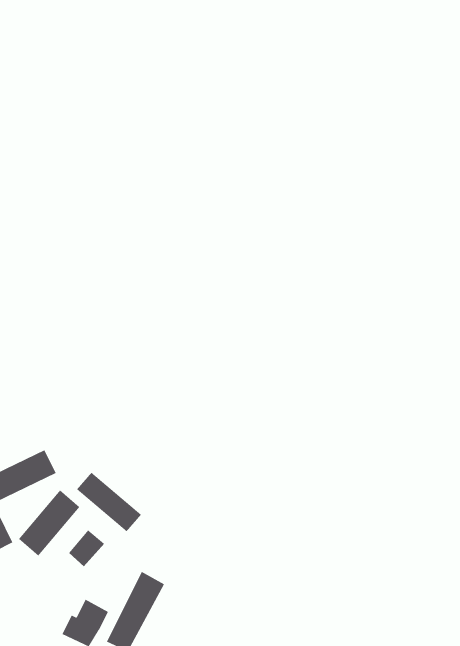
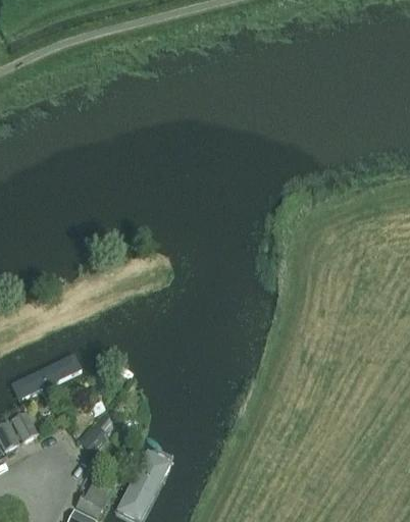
building: [76,472,142,532] -> none
building: [18,490,80,556] -> none

